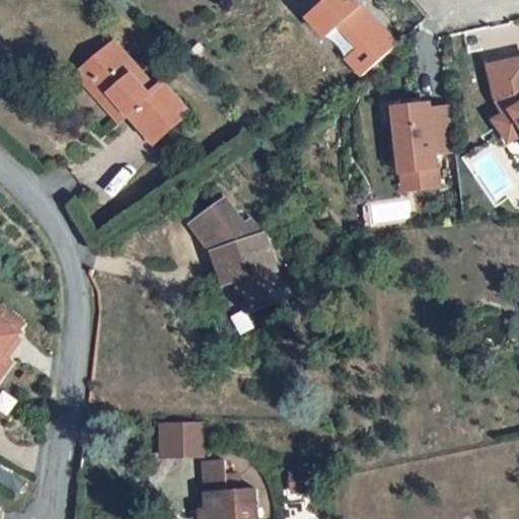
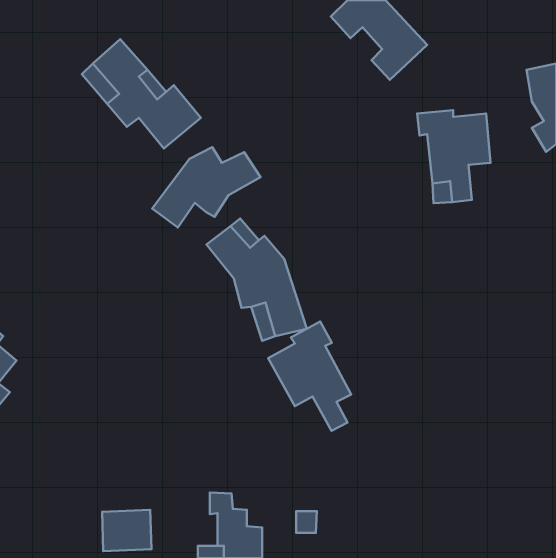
building: none -> [152,147,261,227]
building: none -> [268,321,351,431]
building: [155,420,201,458] -> [102,510,151,551]

